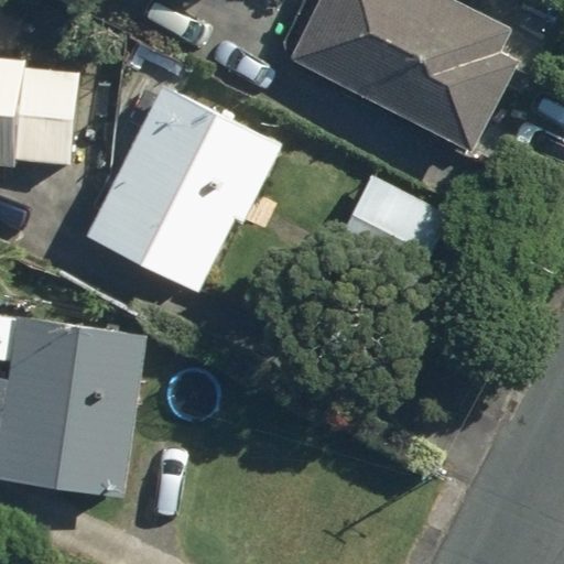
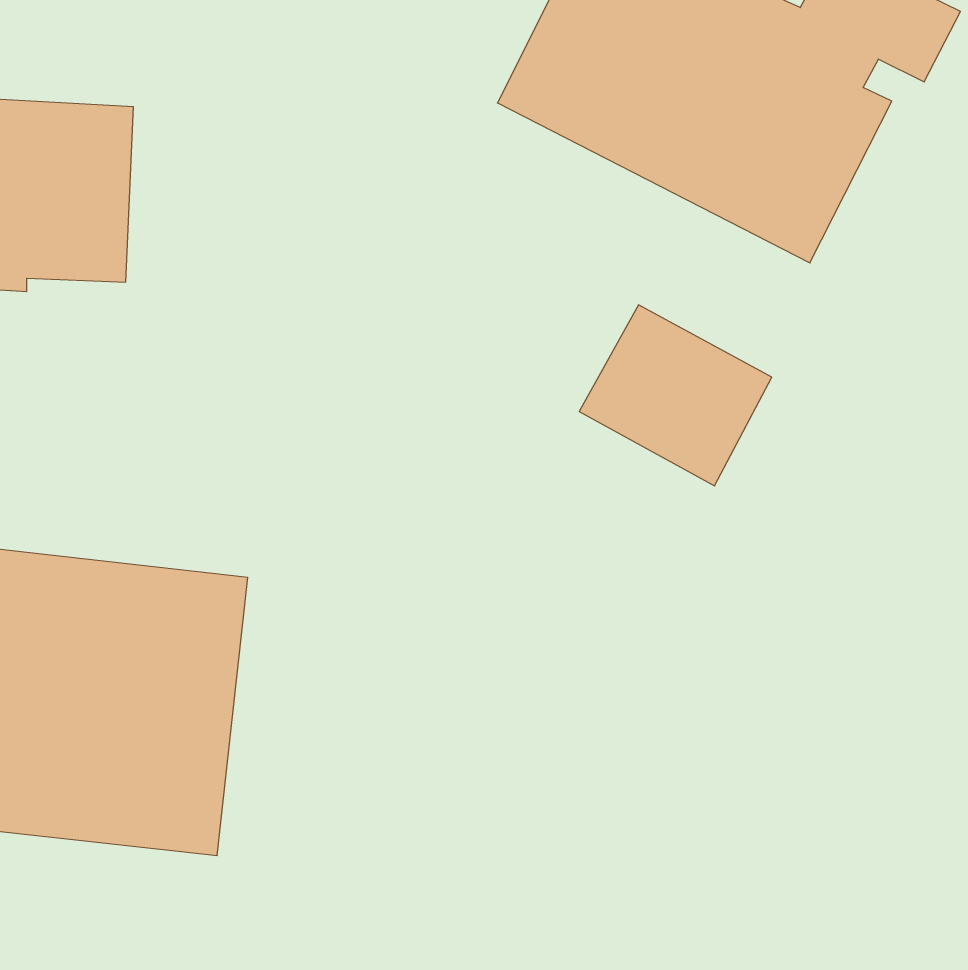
building: [85,84,283,292] -> none

